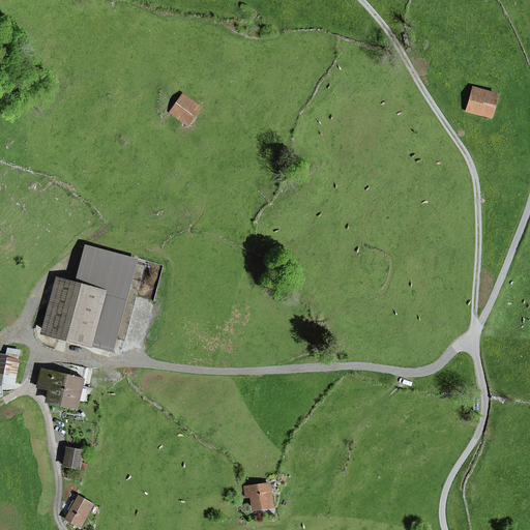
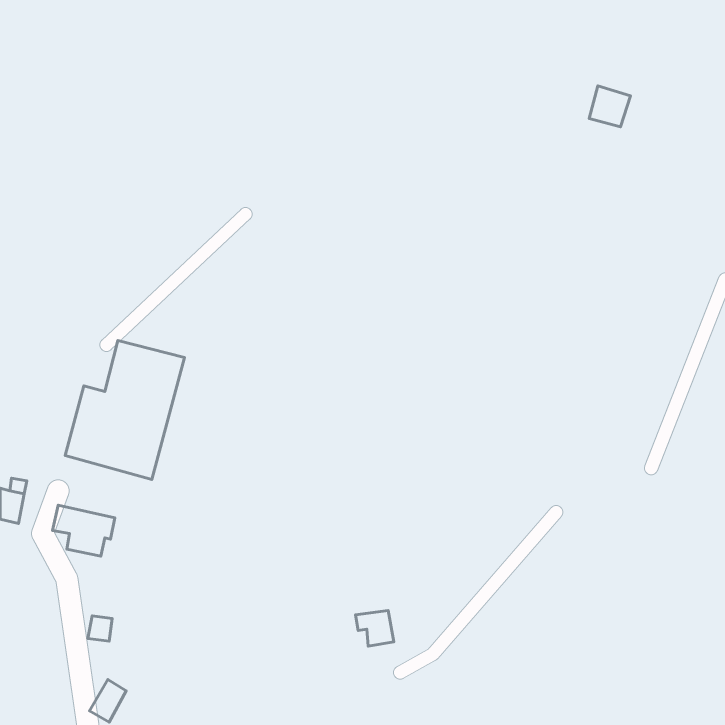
building: [466,87,496,117] -> [589,86,630,127]
building: [169,94,199,124] -> none
building: [244,483,272,509] -> [355,611,394,646]

